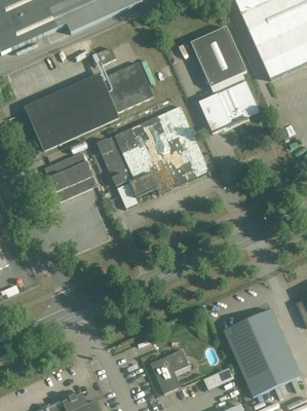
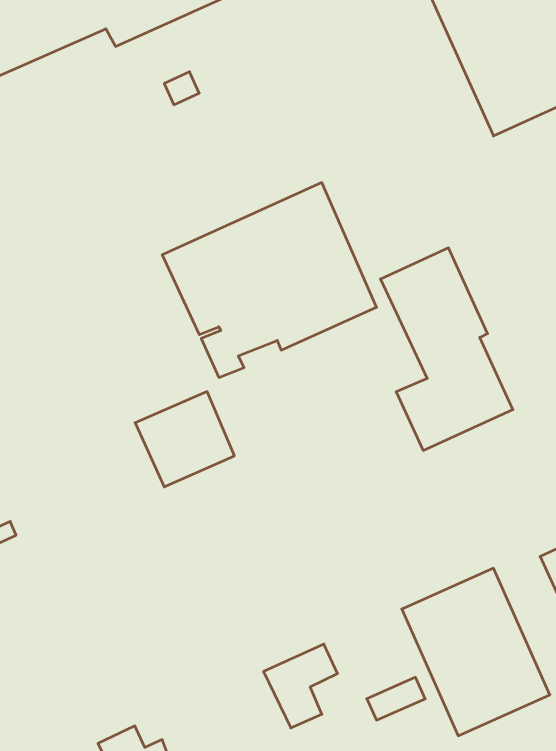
building: [190,26,260,133] -> [380,248,513,450]
building: [22,62,154,150] -> none
building: [44,151,97,201] -> [135,392,234,487]

